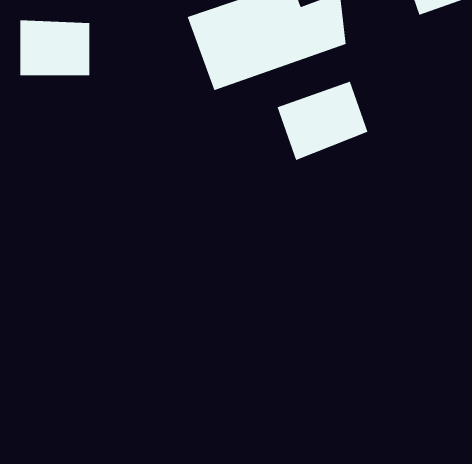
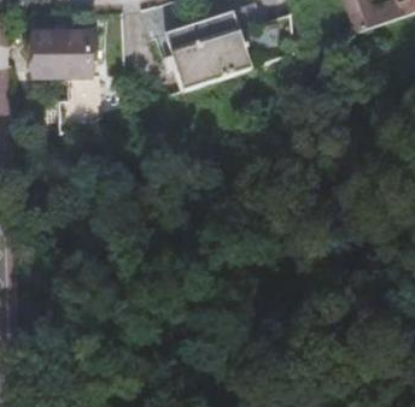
building: [277,81,368,161] -> none

